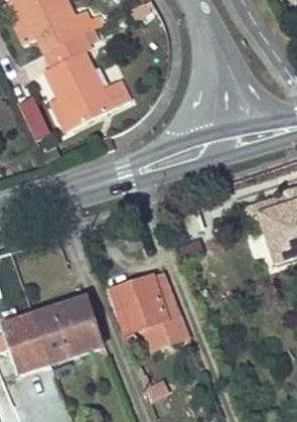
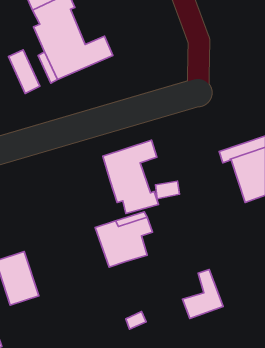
building: none -> [103,140,158,214]
building: [144,293,188,346] -> [182,270,223,319]
building: [33,297,101,363] -> none

